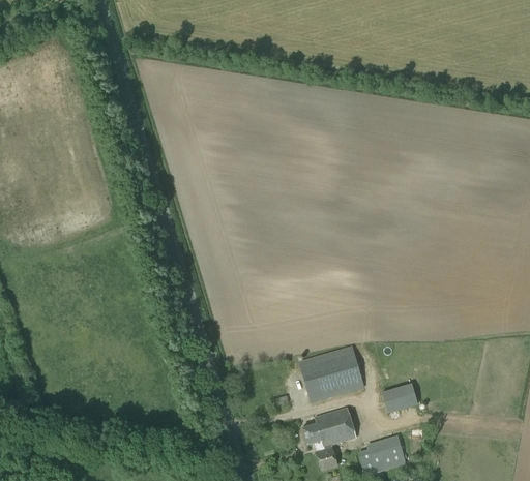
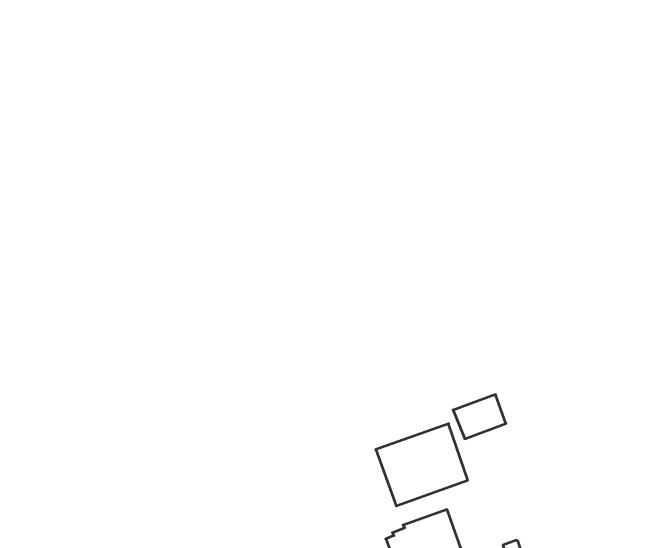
building: [380,383,418,414] -> [453,395,506,439]

